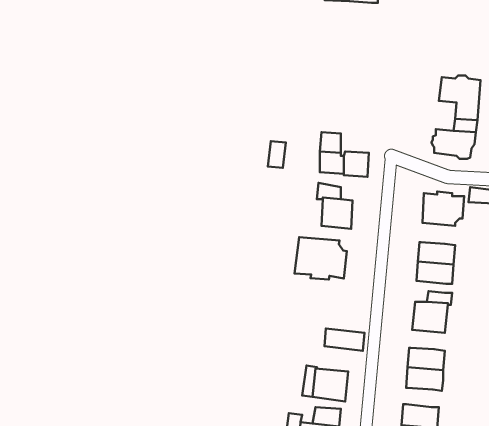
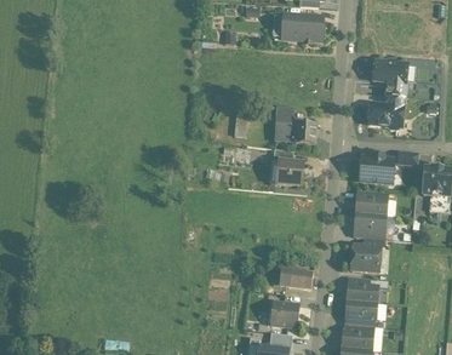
building: none -> [284,17,322,42]
building: [295,237,347,280] -> none

